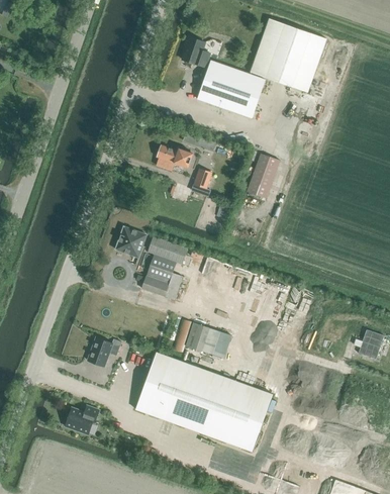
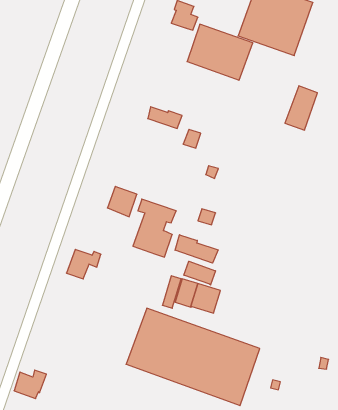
building: [246,153,279,198] -> [285,86,317,130]
building: none -> [175,235,218,263]
building: none -> [184,261,215,285]
building: [86,336,121,367] -> [66,249,101,279]
building: [65,405,98,434] -> [14,370,46,399]

